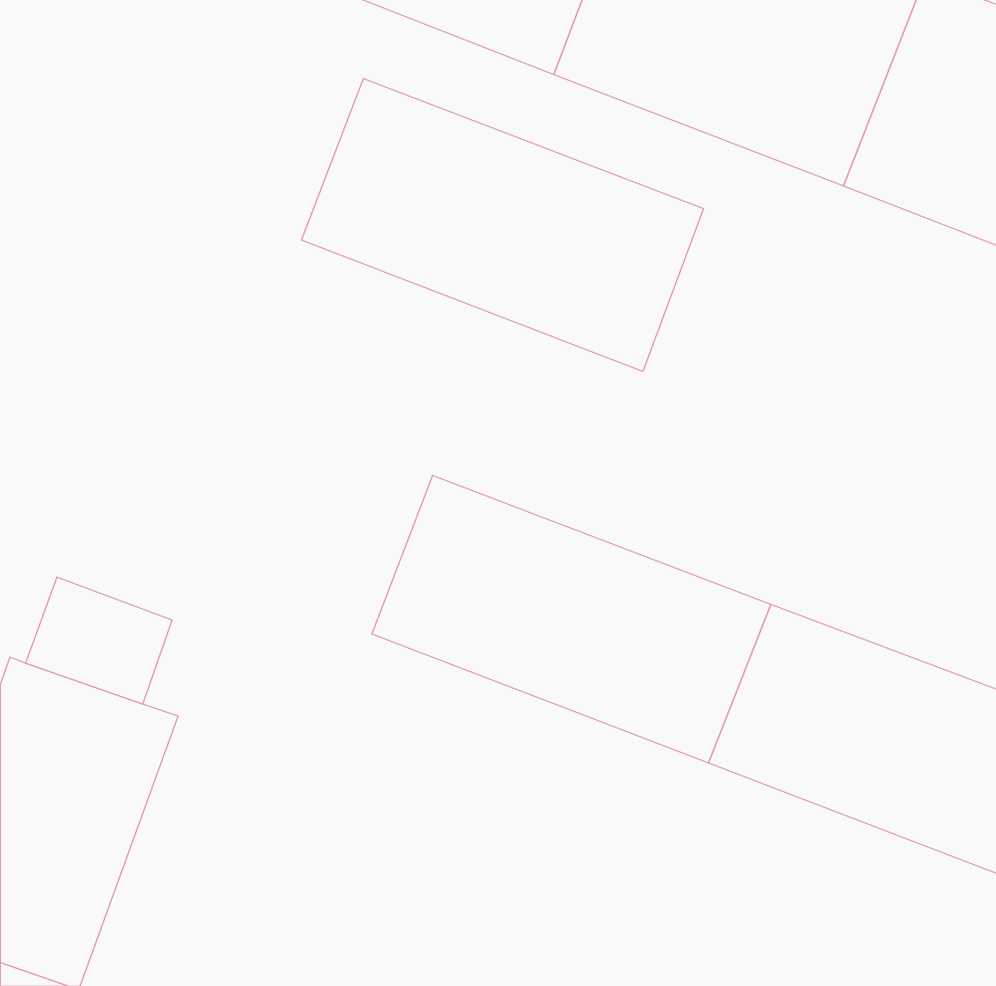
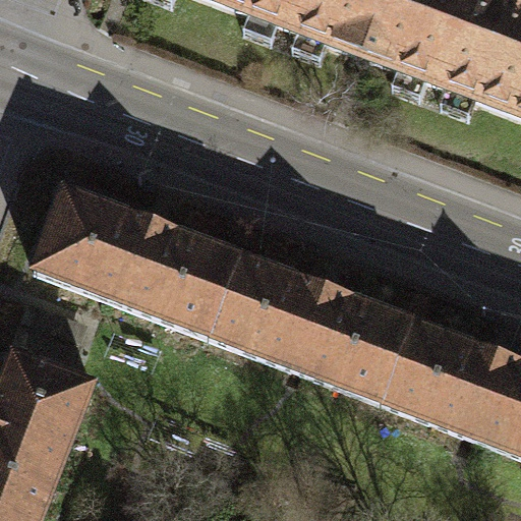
building: [302,78,703,371] -> none
building: none -> [20,180,227,330]

